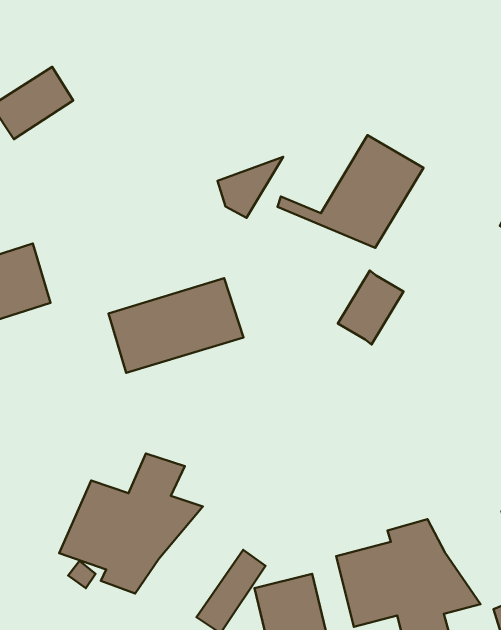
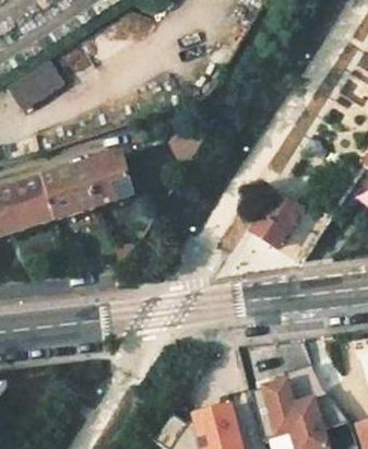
building: [277,135,423,248] -> none
building: [109,278,243,373] -> [41,154,133,218]
building: [59,454,203,593] -> none

